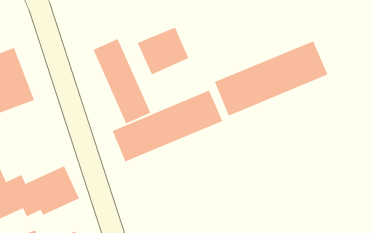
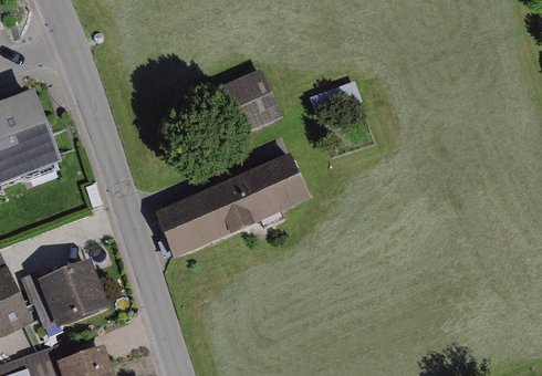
building: [93,38,151,124] -> none
building: [214,40,328,117] -> none

